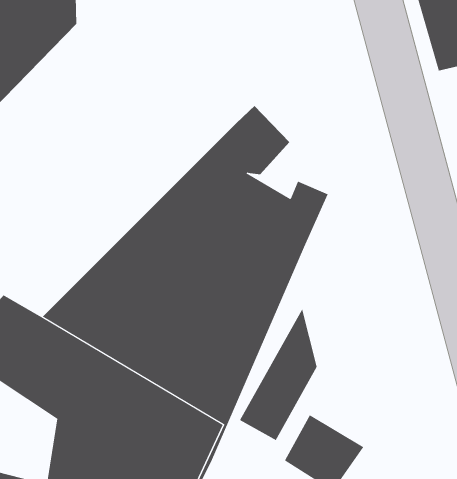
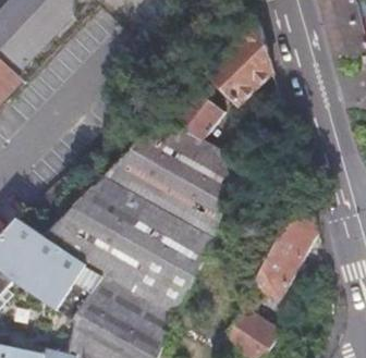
building: none -> [210,5,274,102]
building: [239,308,317,441] -> [260,189,318,287]

